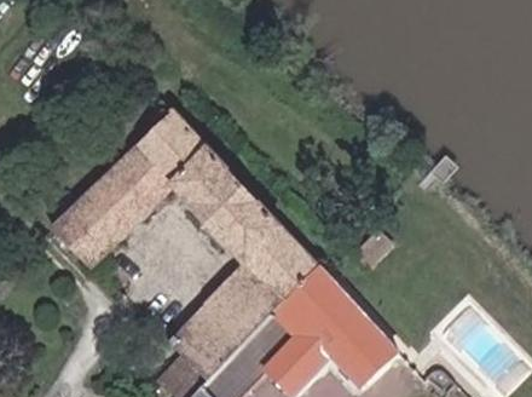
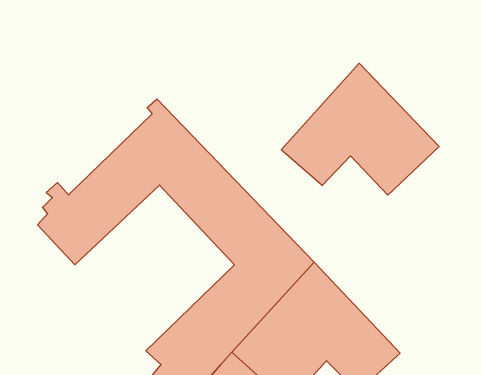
building: none -> [281,63,439,195]

